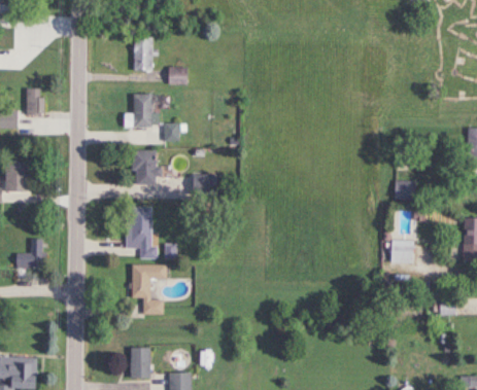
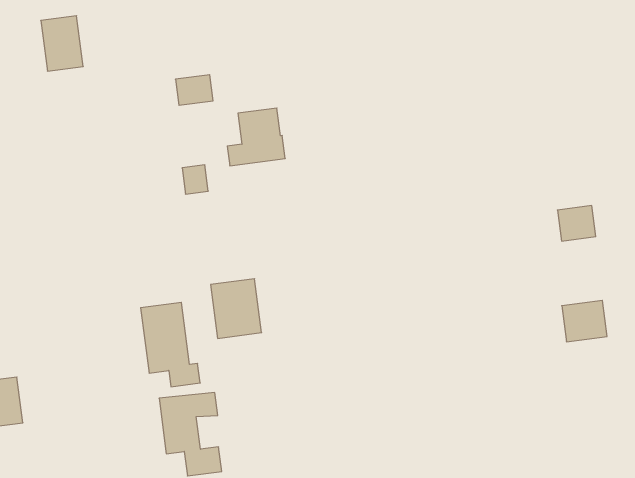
building: [132,38,155,70] -> [41,16,83,71]
building: [124,95,159,127] -> [227,108,285,166]
building: [131,150,159,184] -> [211,279,262,338]

